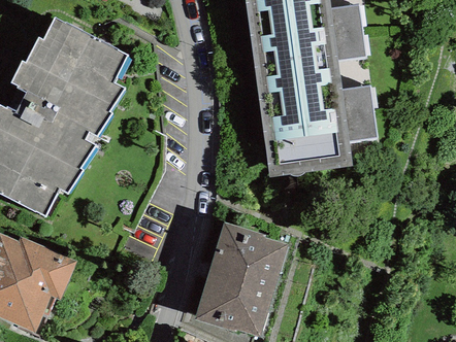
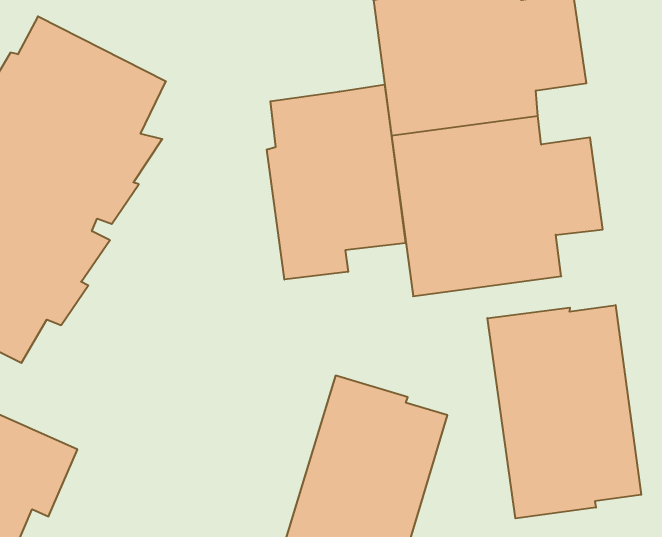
building: none -> [267,84,405,280]
building: none -> [487,305,641,518]

